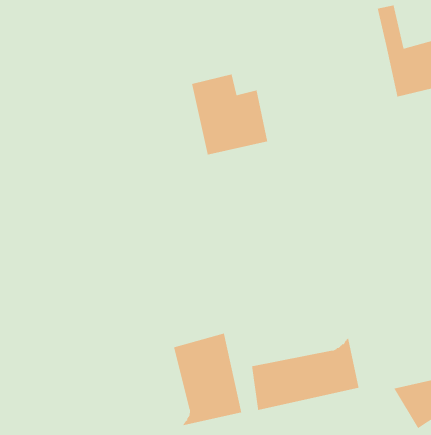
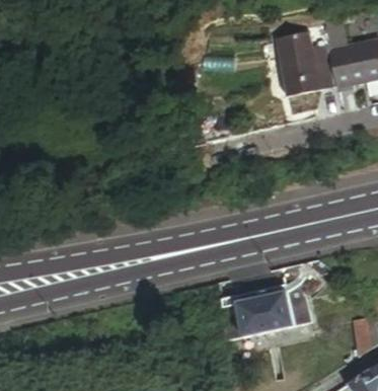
building: [191,73,268,155] -> [279,29,342,96]
building: [173,333,242,427] -> none

